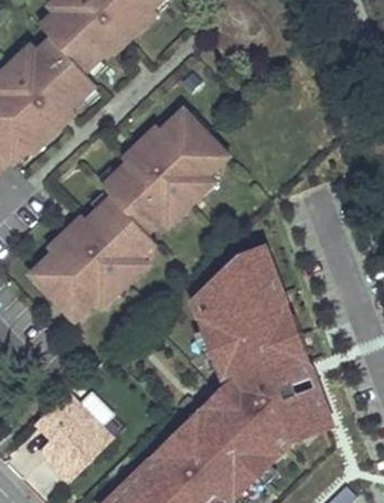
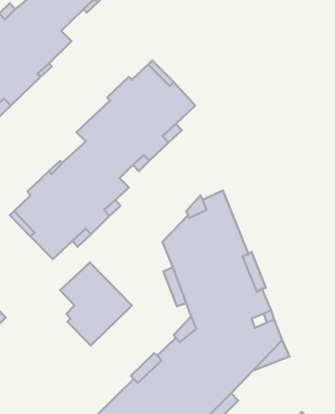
building: [36,392,114,481] -> [60,263,132,346]

